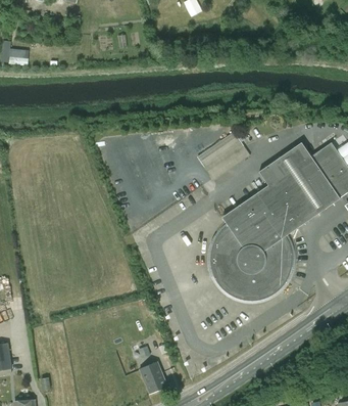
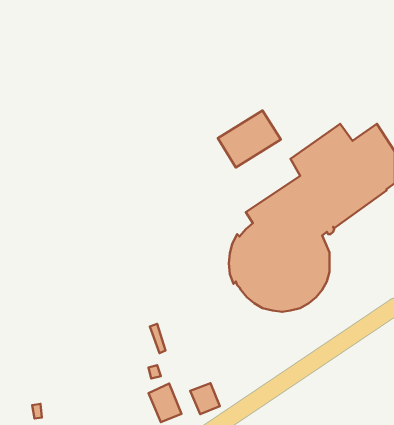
building: none -> [190,383,220,414]

